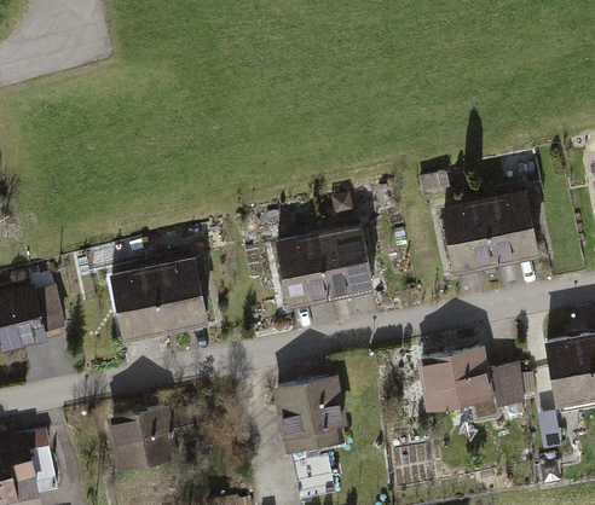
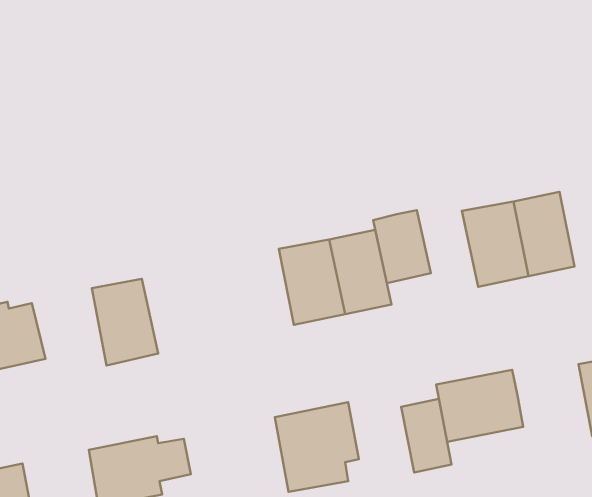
building: none -> [373,210,431,283]
building: [152,257,208,332] -> none
building: [487,365,524,408] -> none
building: none -> [401,399,452,472]

